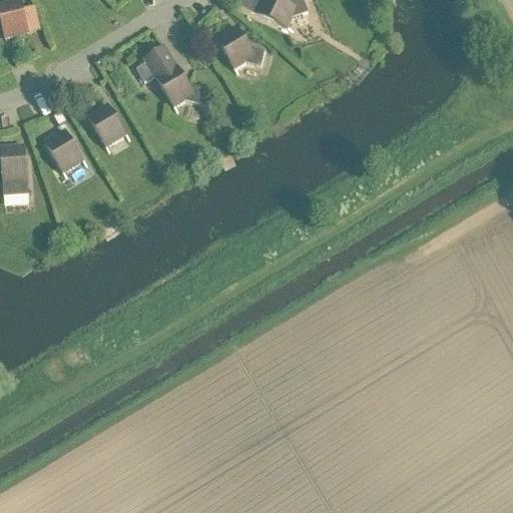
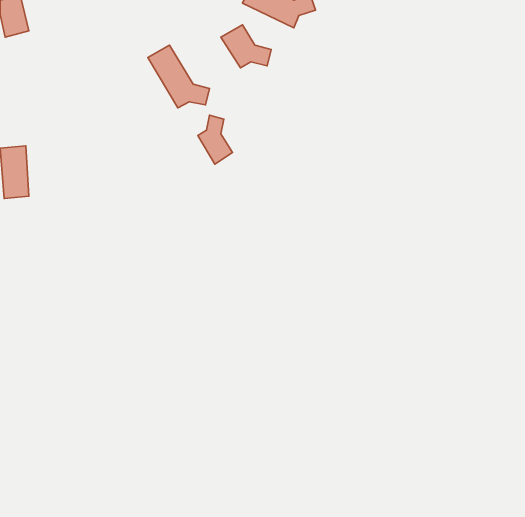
building: [87,102,126,144] -> none
building: none -> [198,115,233,164]
building: [44,128,83,170] -> none

